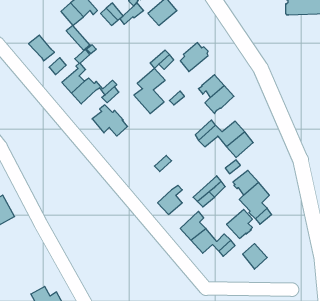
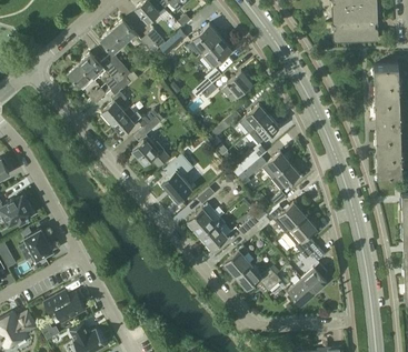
building: none -> [197,38,232,70]
building: none -> [79,53,125,84]
building: [134,68,165,114] -> [161,154,193,201]
building: none -> [188,203,222,237]
building: [227,209,252,238] -> [301,263,328,293]
building: none -> [44,290,86,322]

